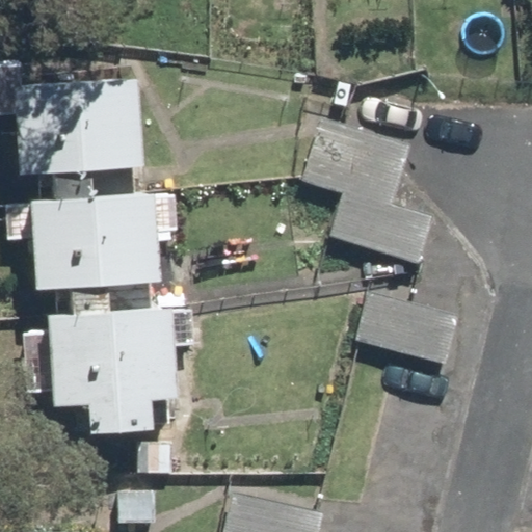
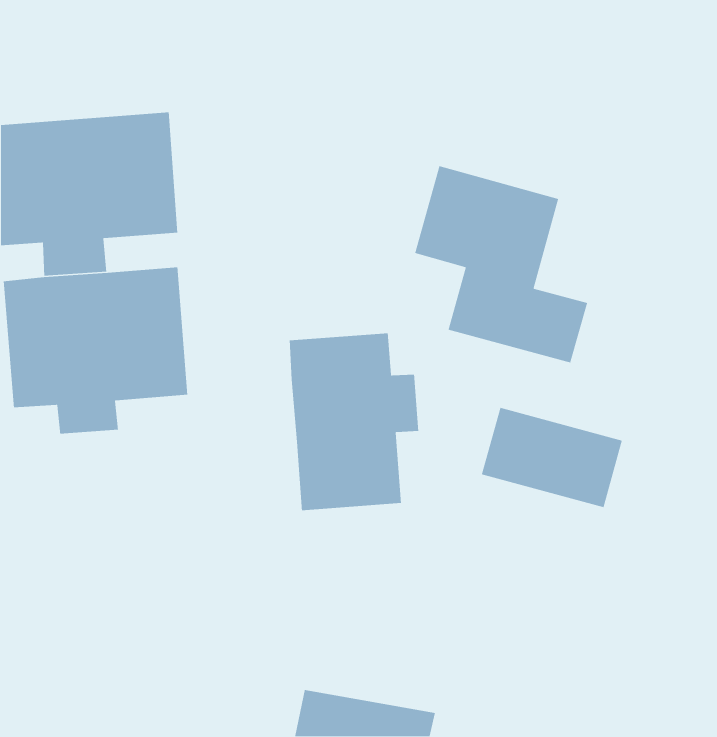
building: none -> [289,333,419,511]
building: [36,304,166,436] -> none

